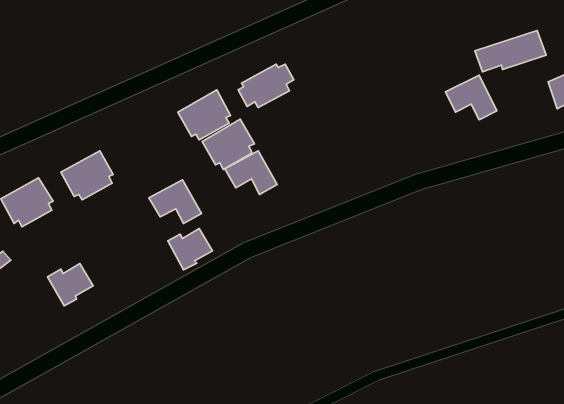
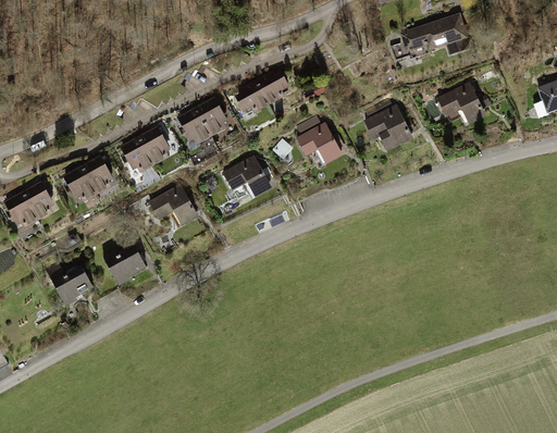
building: [475,31,546,72] -> [398,13,468,53]
building: none -> [363,104,416,152]
building: none -> [295,122,345,164]
building: [202,119,255,169] -> [119,125,170,174]
building: [168,229,212,270] -> [102,246,146,286]

